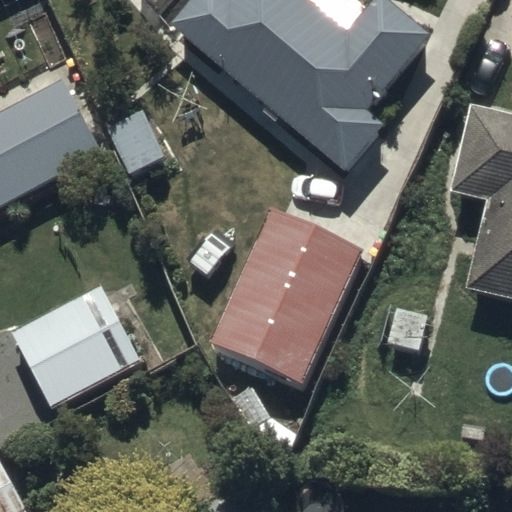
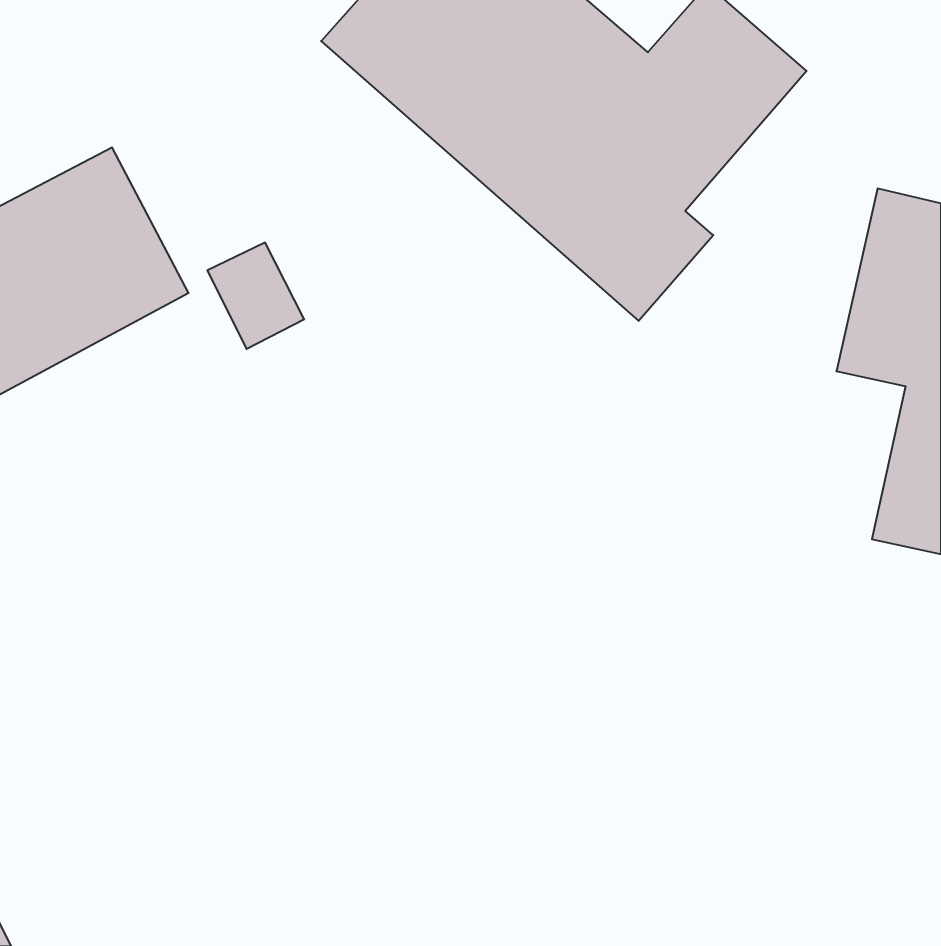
building: [212,207,364,384] -> none
building: [11,284,139,408] -> none

